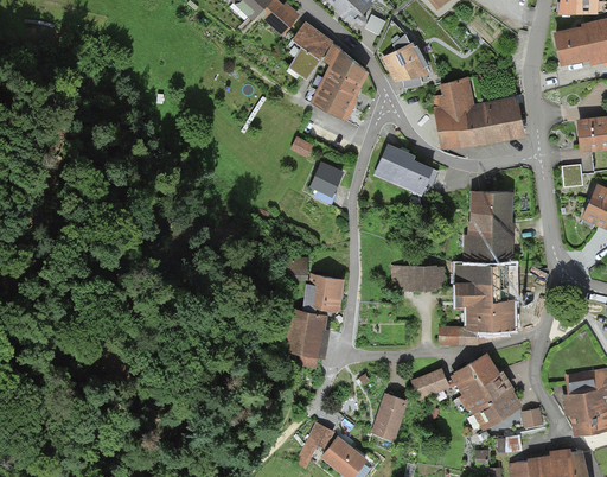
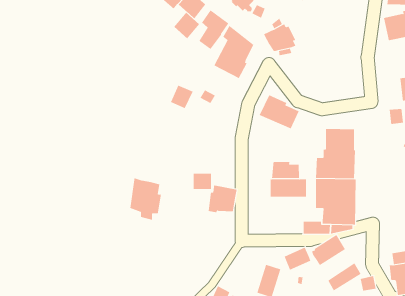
building: none -> [173,12,200,39]
building: [432,78,526,151] -> none
building: [311,164,344,198] -> [170,85,193,109]
building: none -> [272,161,299,179]
building: [285,309,331,370] -> [130,178,162,221]
building: [459,365,516,413] -> none

